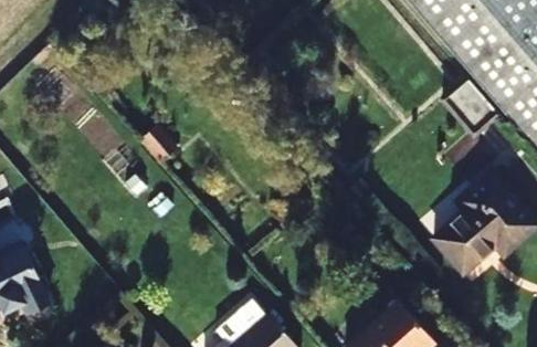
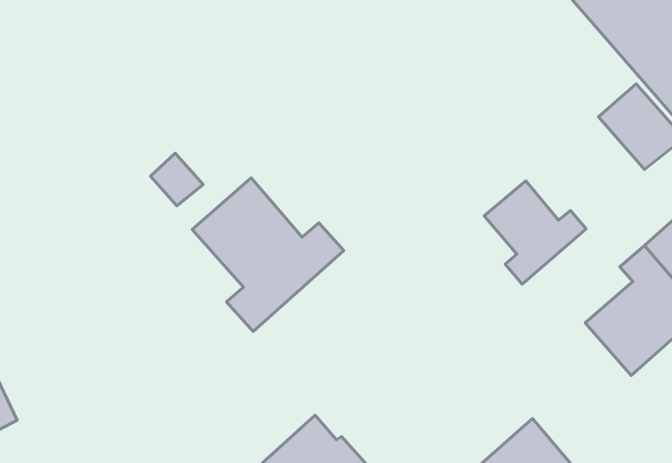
building: none -> [192,178,344,332]
building: none -> [484,181,586,284]

